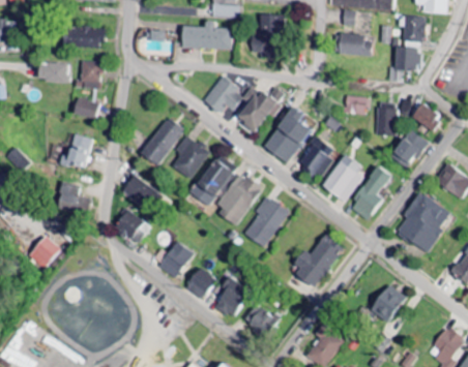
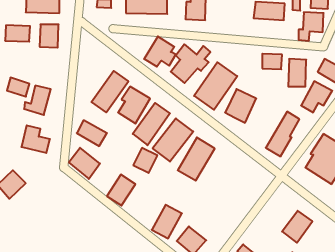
building: [72,97,99,120] -> [7,78,29,97]
building: [323,154,362,203] -> none
building: [290,234,344,285] -> none
building: [186,268,215,298] -> [133,148,157,173]

